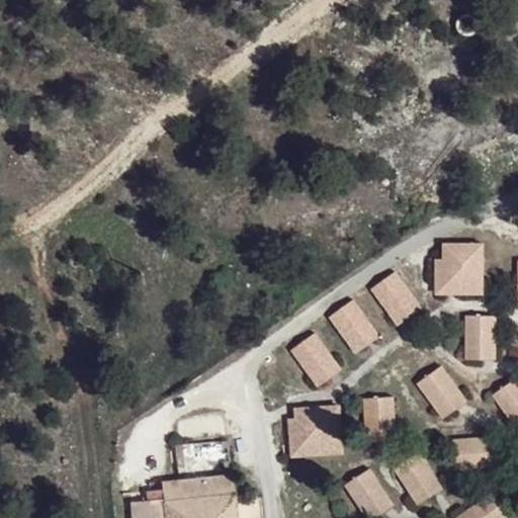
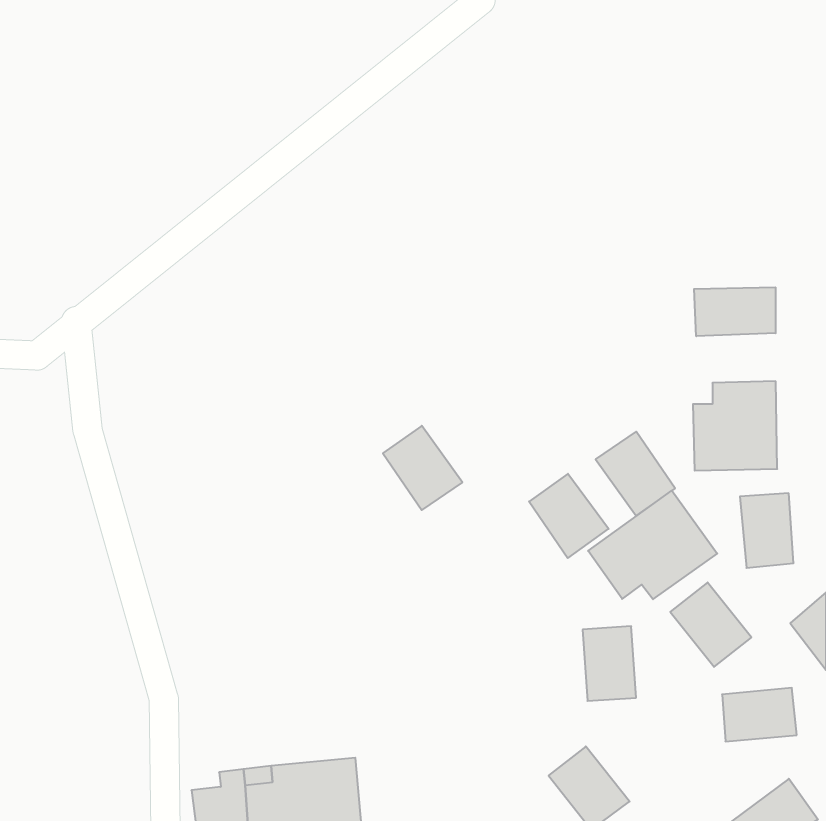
building: none -> [694,287,776,336]
building: none -> [588,491,717,599]
building: [289,335,339,387] -> [383,426,462,510]
building: [286,402,344,456] -> none
building: [391,449,441,502] -> none

